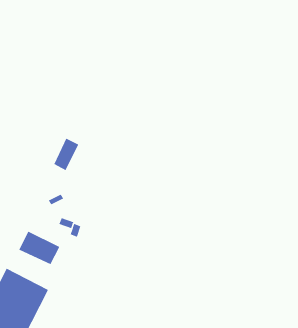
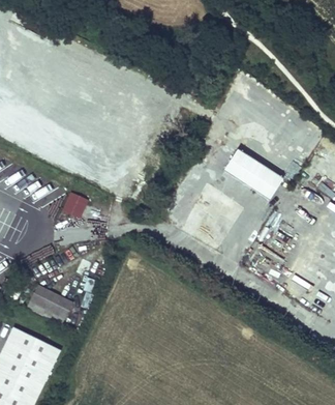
building: none -> [223,147,282,197]

